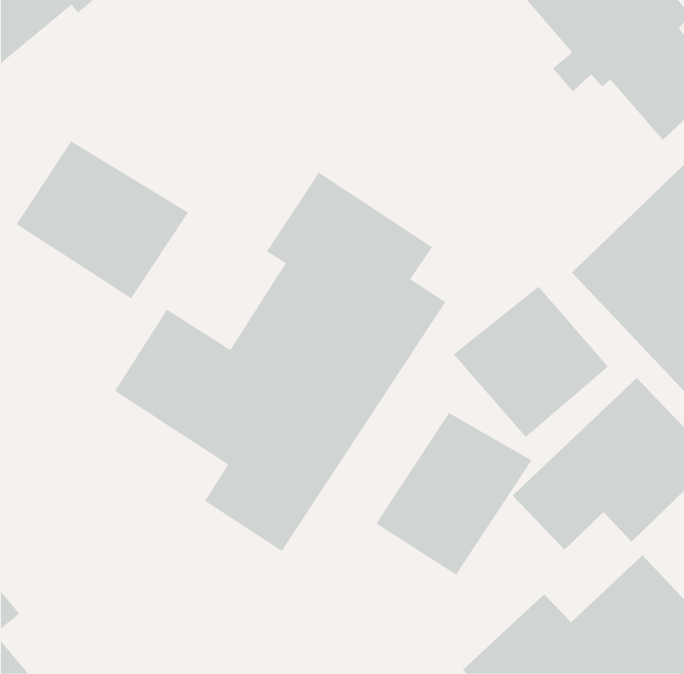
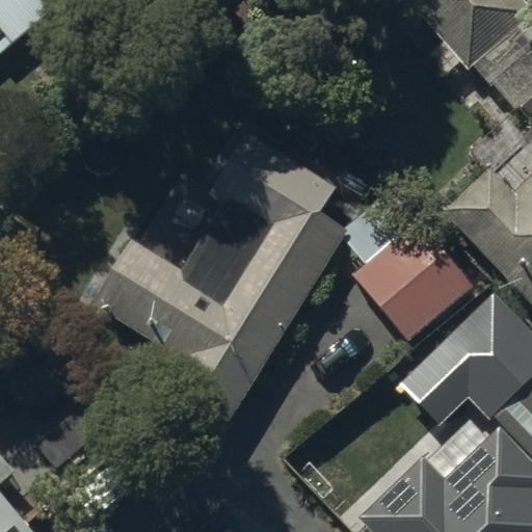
building: [16,140,189,299] -> none
building: [375,412,532,576] -> none

